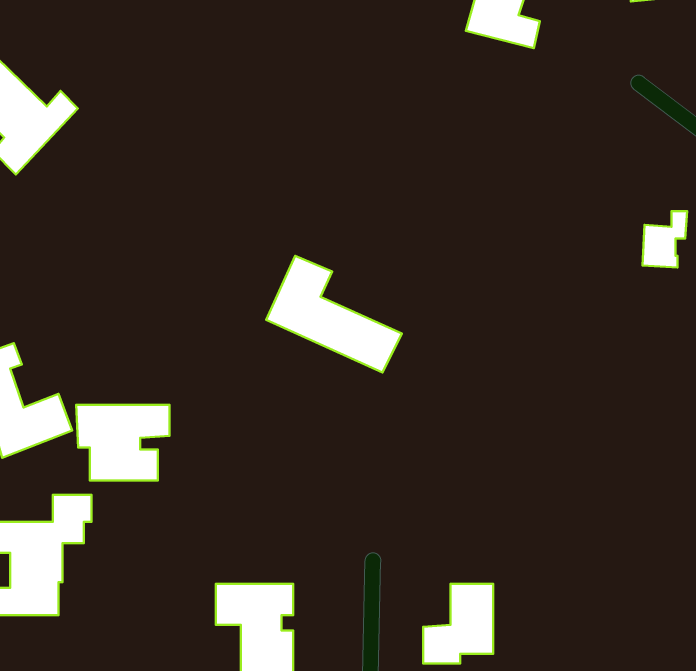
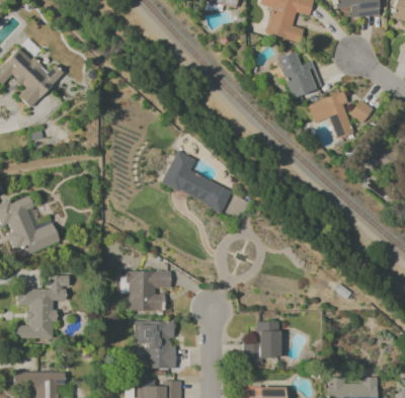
building: none -> [277,51,322,97]
building: none -> [309,91,371,135]
building: [76,405,169,481] -> [122,270,170,310]

